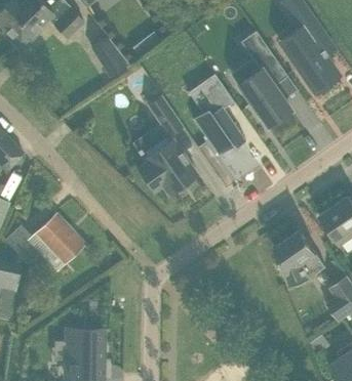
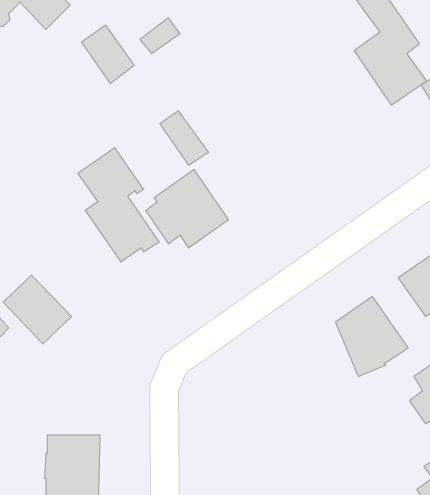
building: [235,27,288,123] -> none
building: [188,73,246,155] -> [78,148,159,262]

